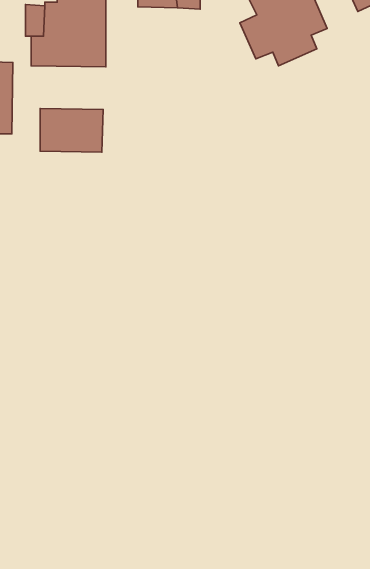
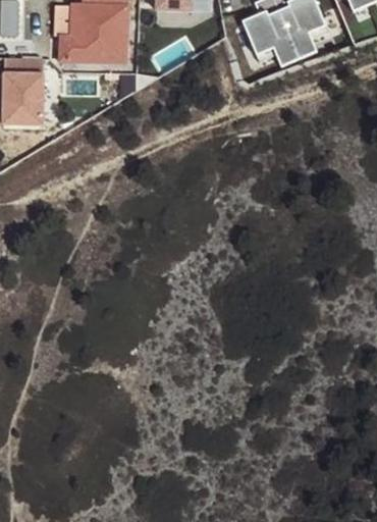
building: [40,108,103,152] -> none

